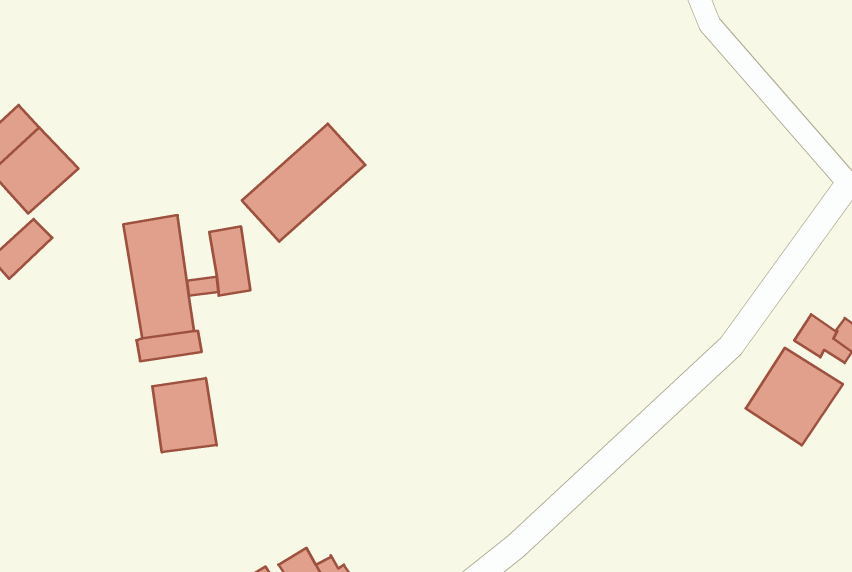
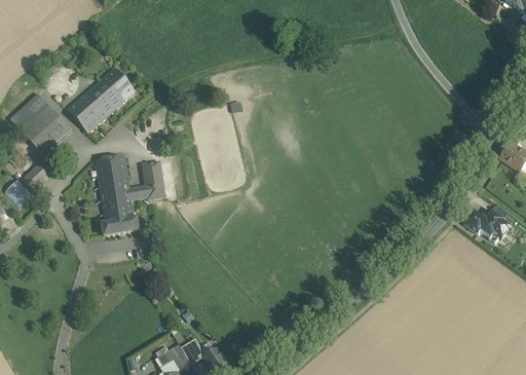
building: [242,124,365,242] -> [67,67,135,132]
building: [746,348,843,445] -> none
building: [152,378,217,452] -> none

